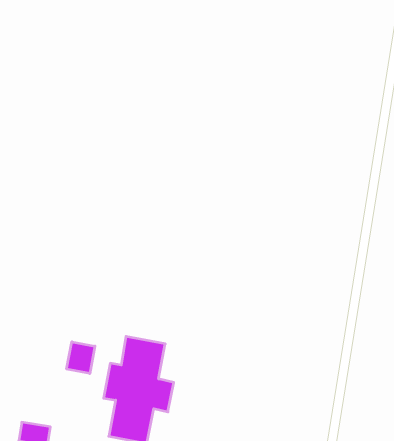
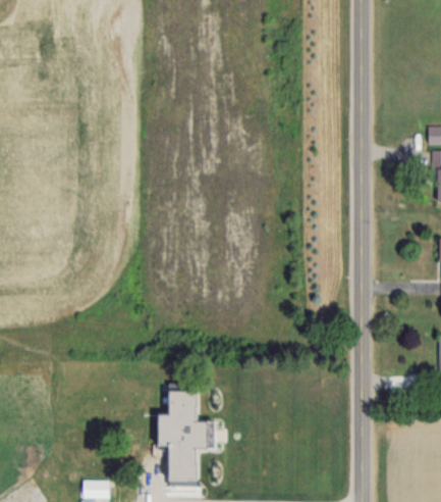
building: [67,342,95,374] -> none

